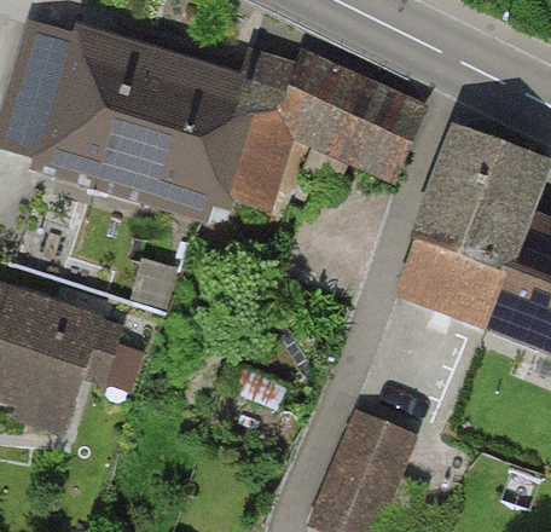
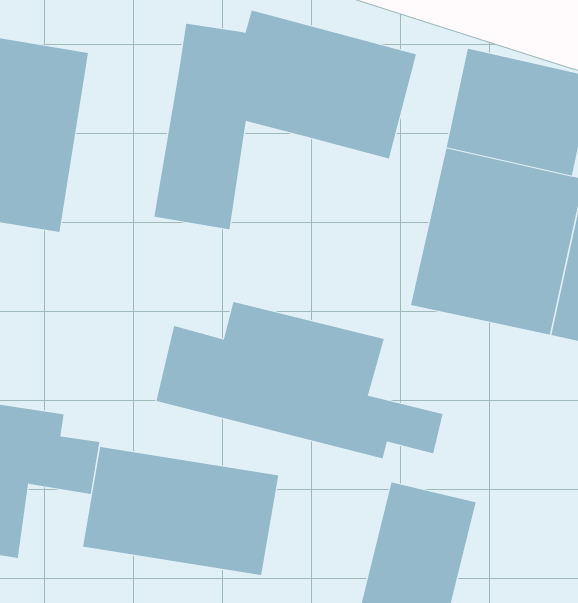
building: [143,64,248,213] -> none
building: none -> [156,301,443,459]
building: none -> [82,446,279,576]

